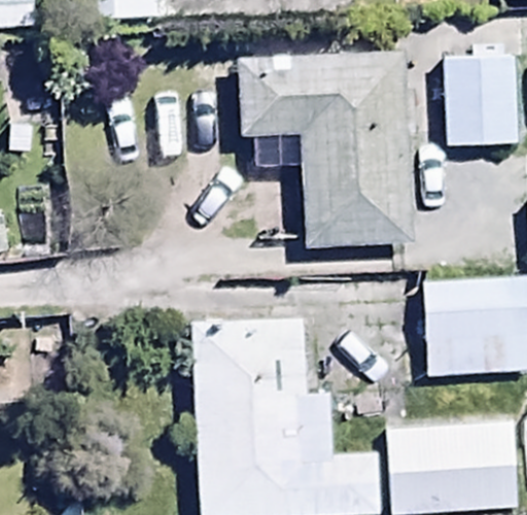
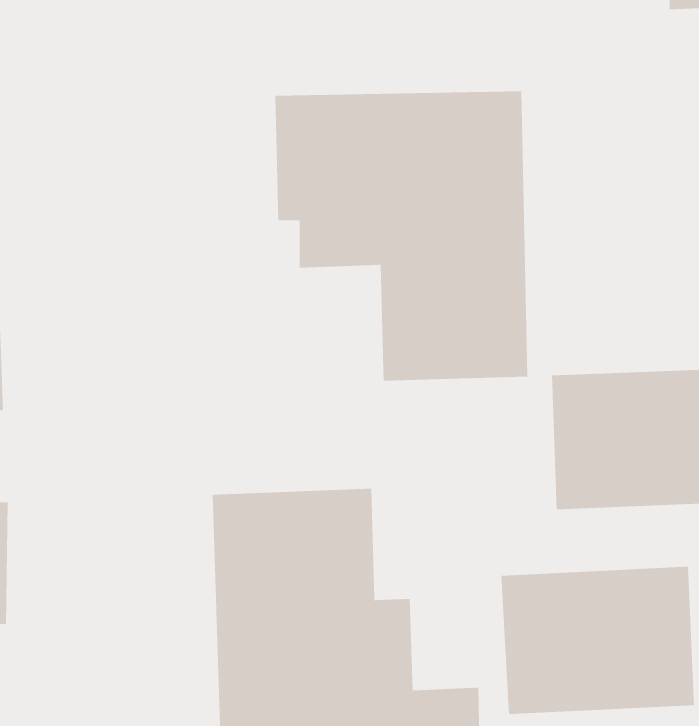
building: [442,22,514,122] -> none

